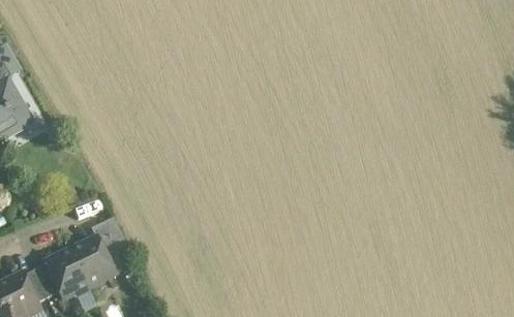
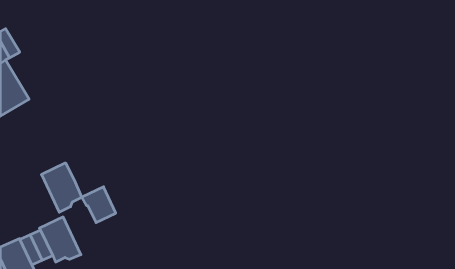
building: [69,237,114,291] -> [41,163,82,212]

